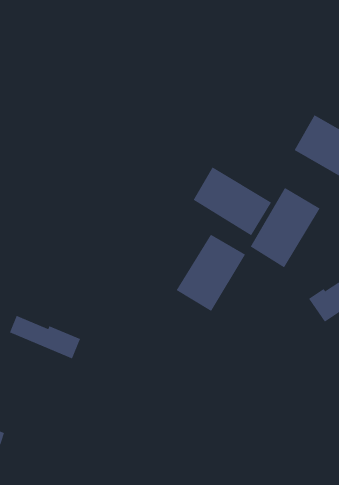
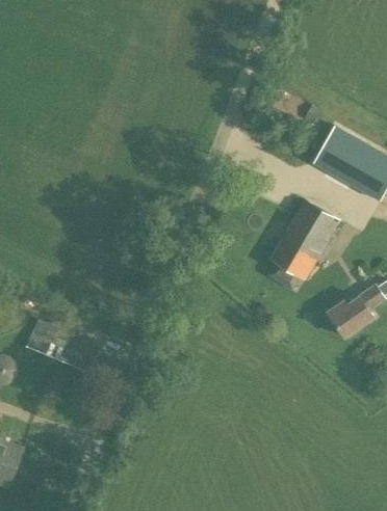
building: [193,167,272,236] -> none
building: [176,234,246,312] -> none

